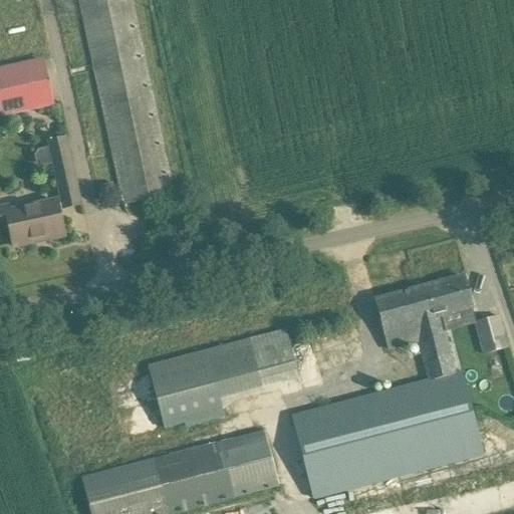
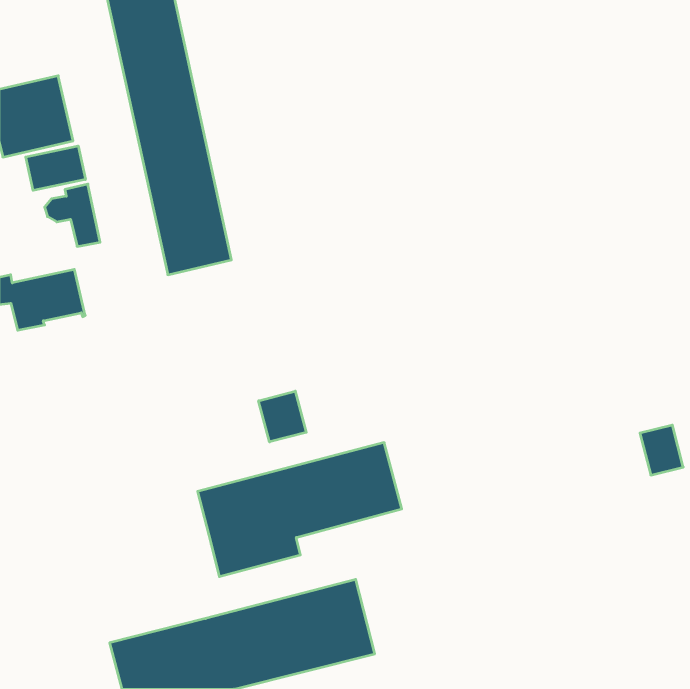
building: none -> [26,146,85,190]
building: [290,275,483,499] -> none
building: none -> [259,391,306,442]

